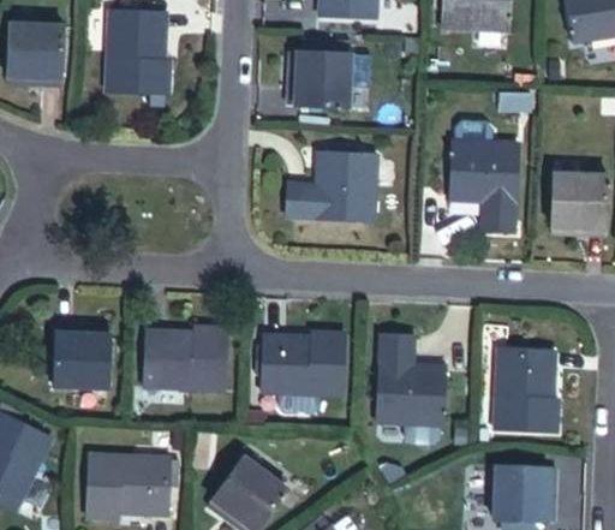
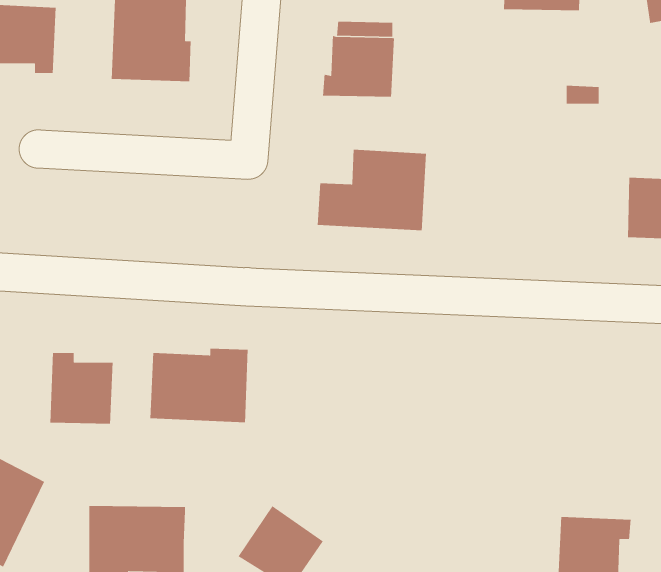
building: [450,121,517,232] -> none
building: [259,326,345,415] -> none
building: [377,340,448,424] -> none
building: [495,349,562,433] -> none

